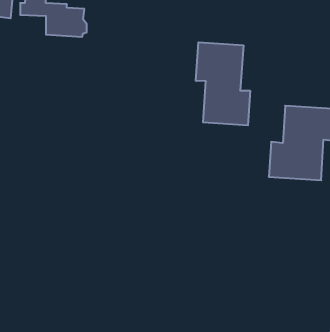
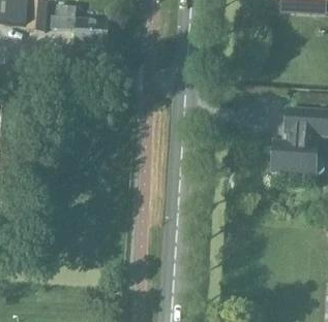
building: [196,42,250,125] -> none

